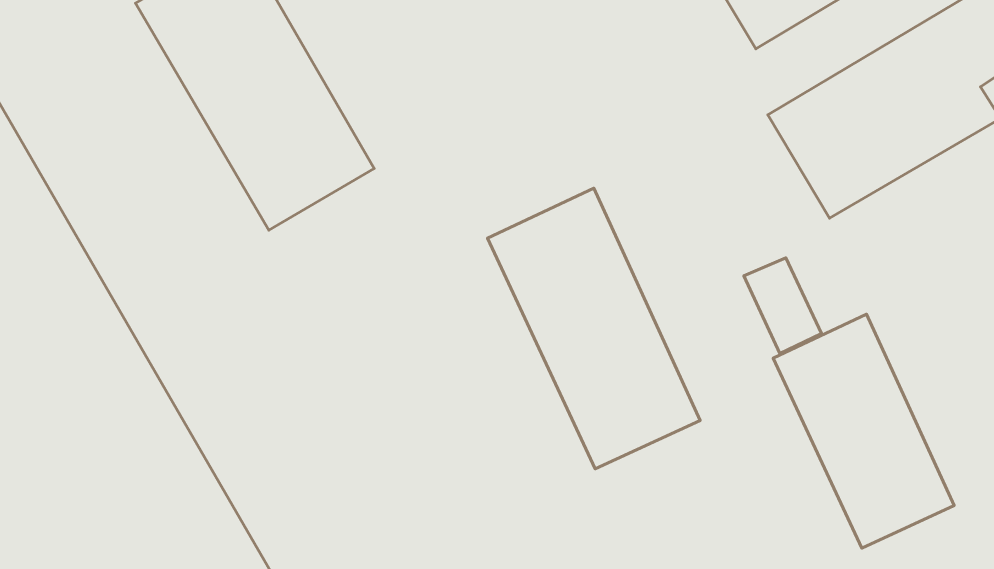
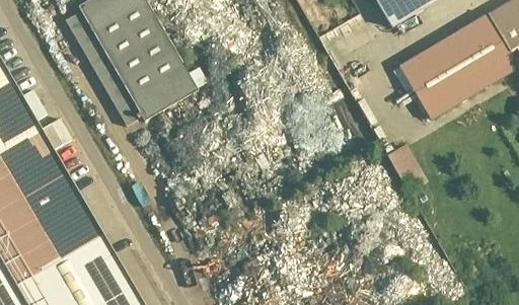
building: [488,188,700,469] -> none
building: [773,314,954,548] -> none

